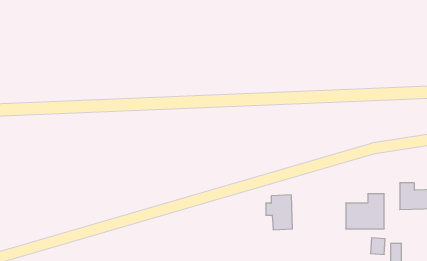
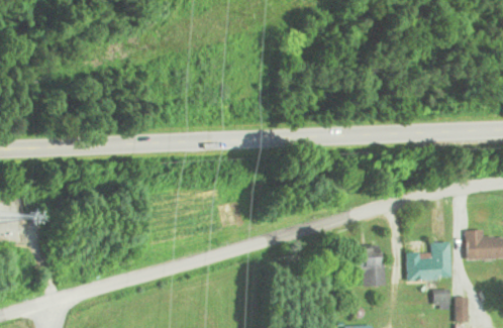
building: [266,195,292,230] -> [354,248,383,287]

